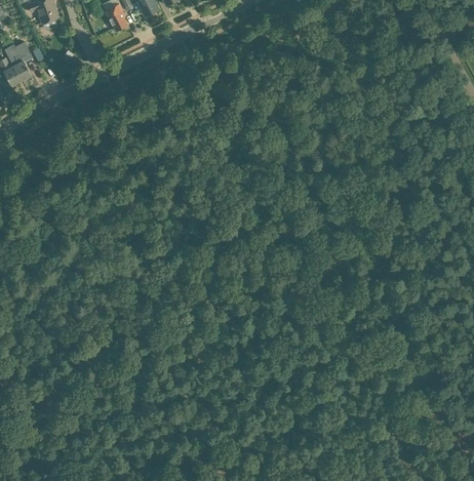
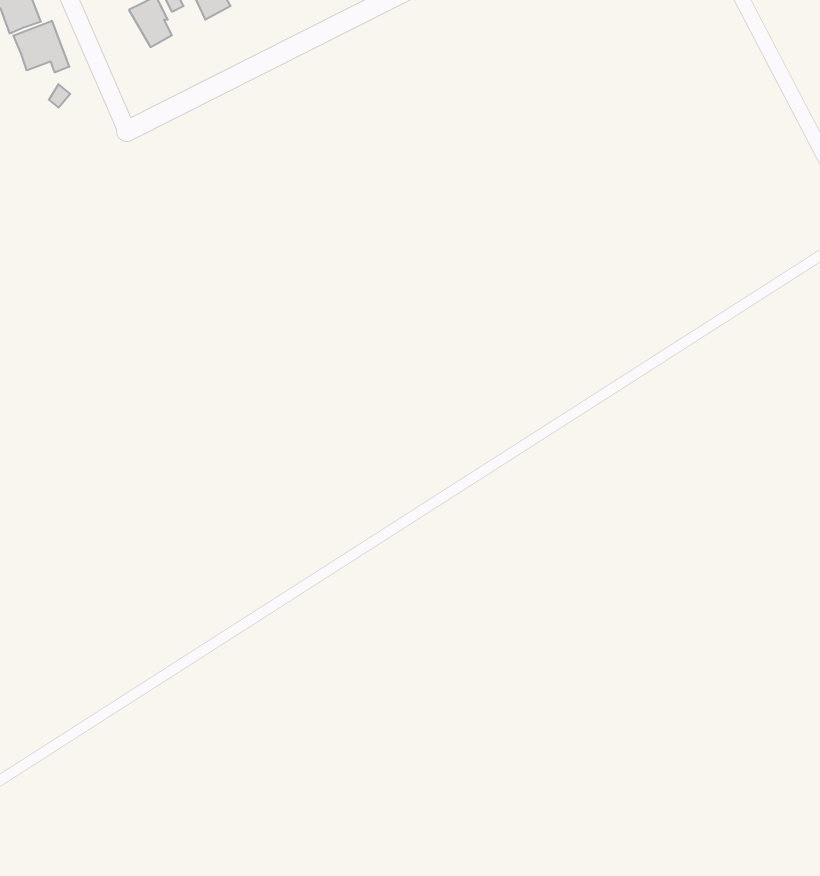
building: none -> [13,21,69,72]

